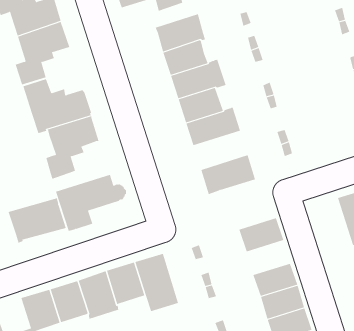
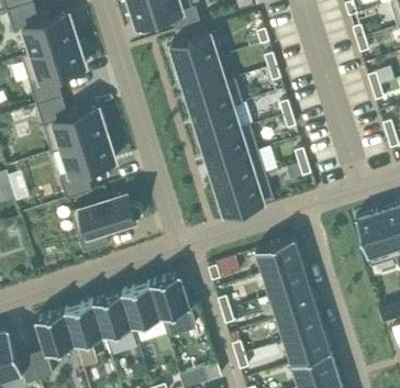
building: none -> [210,152,266,191]
building: [8,197,67,244] -> none
building: none -> [264,263,309,298]

